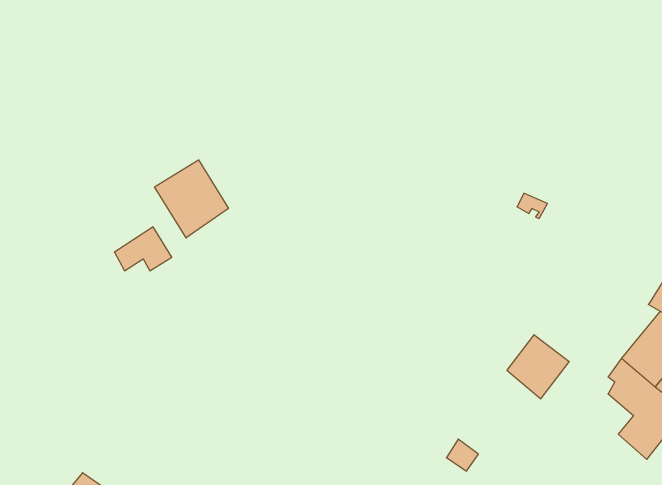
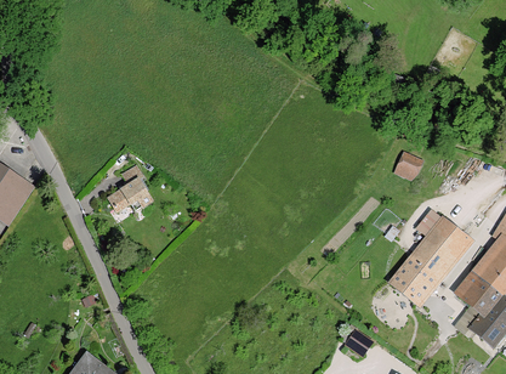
building: [155,160,228,238] -> none
building: none -> [411,220,467,277]

